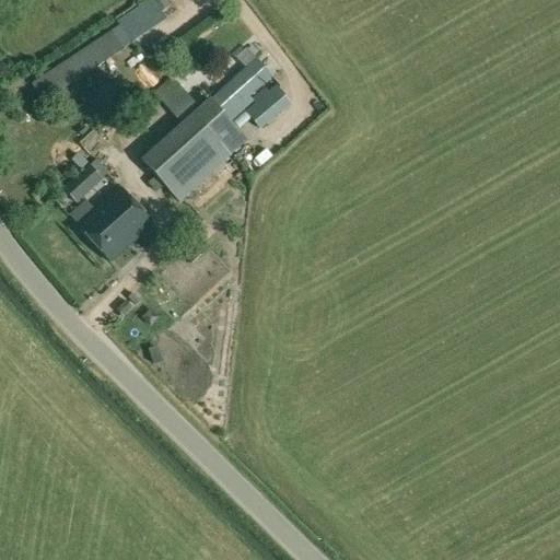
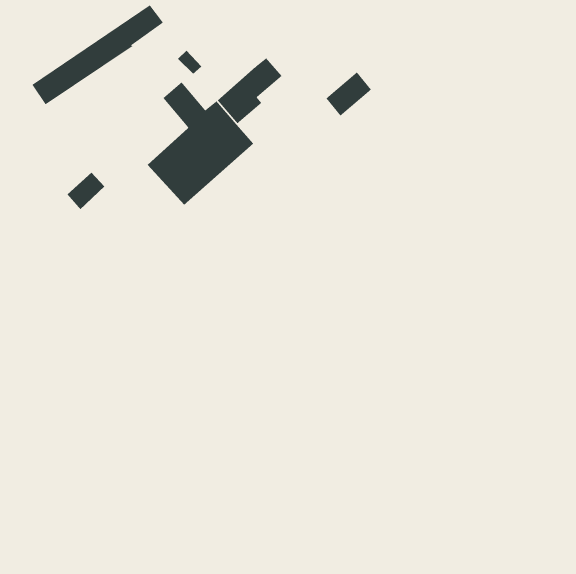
building: [246,83,291,127] -> [325,71,372,117]
building: [70,185,154,260] -> none

